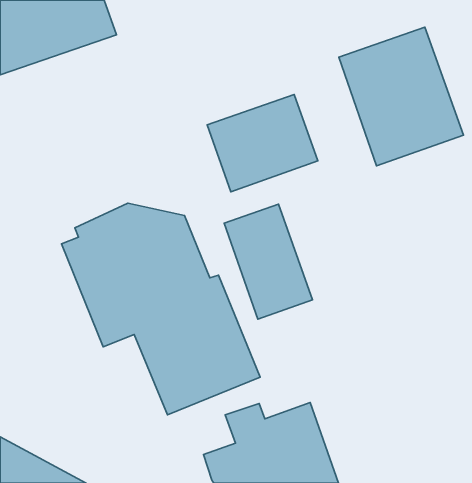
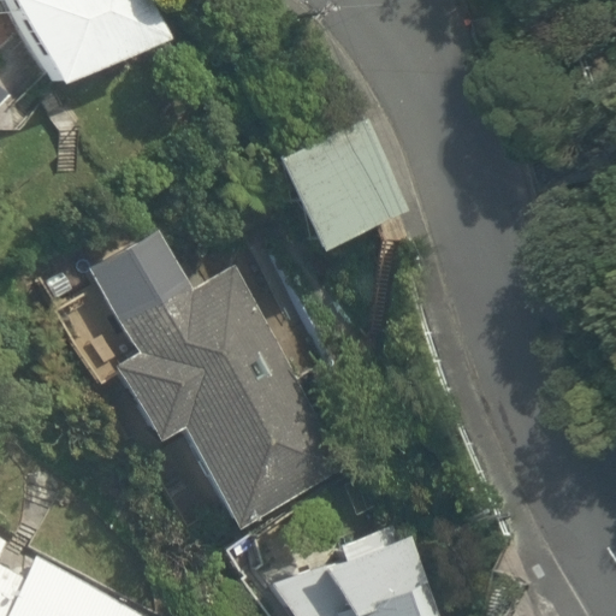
building: [339,27,463,166] -> none
building: [224,204,313,319] -> none

